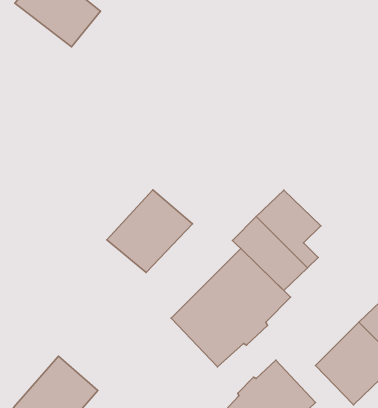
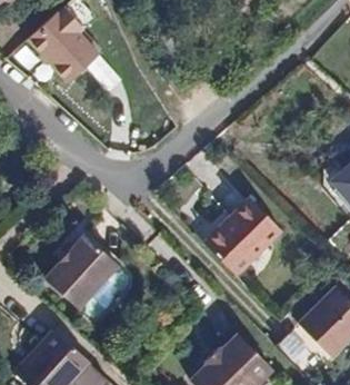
building: [107,190,192,273] -> [49,240,121,310]
building: [171,248,290,367] -> none

